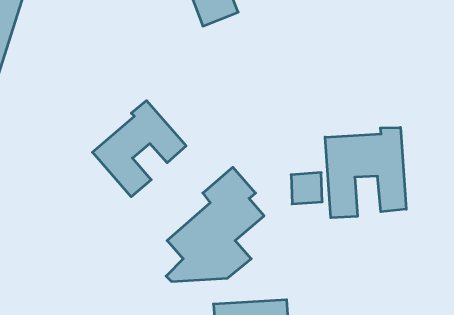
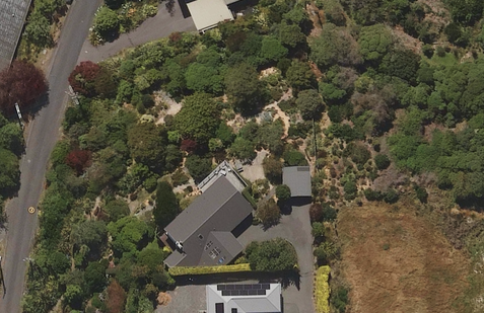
building: [92,101,186,197] -> none
building: [325,127,406,218] -> none

